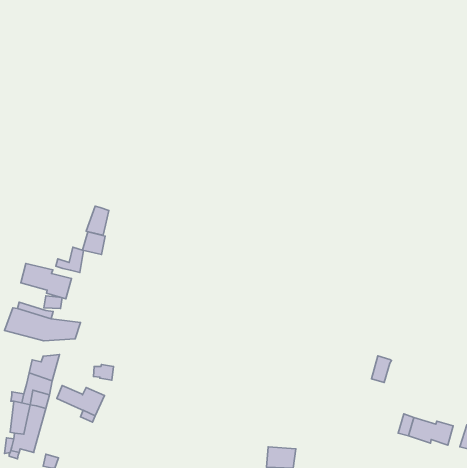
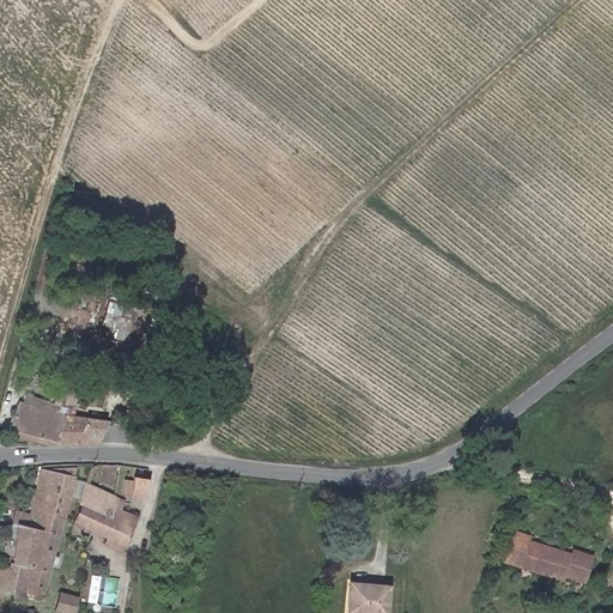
building: [86,206,109,235] -> none
building: [56,247,83,273] -> none
building: [21,263,72,299] -> none
building: [371,356,392,383] -> [505,532,532,566]
building: none -> [78,484,115,516]

